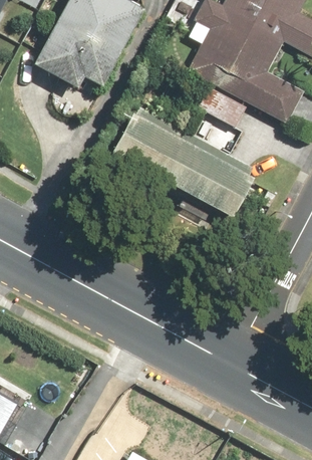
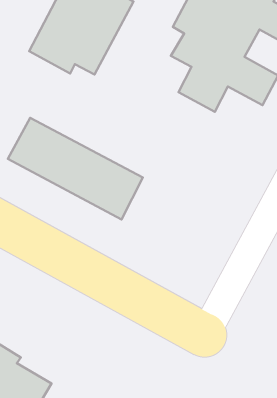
building: [114,107,260,217] -> [8,118,143,220]

